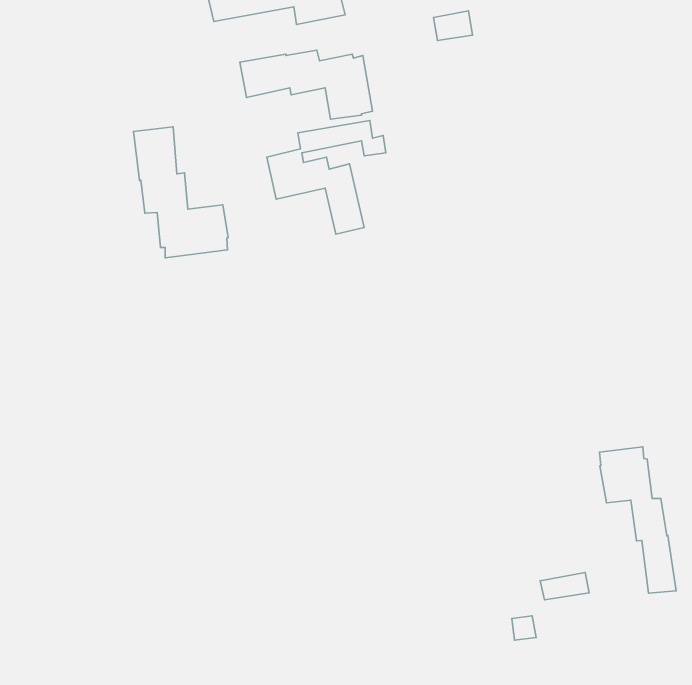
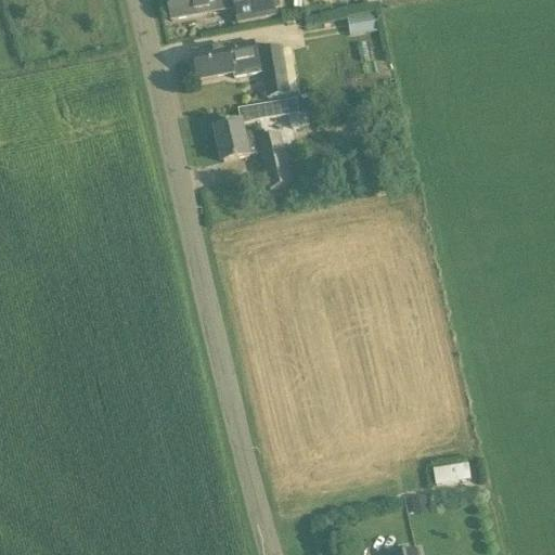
building: [133,127,228,258] -> none
building: [599,447,676,593] -> none

